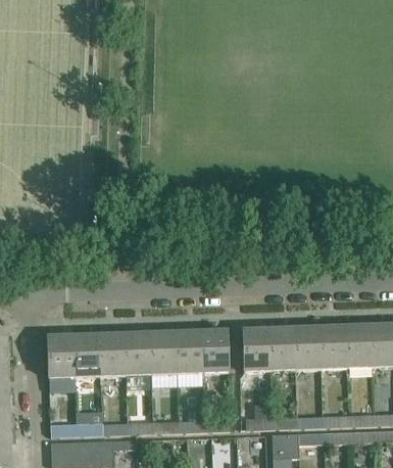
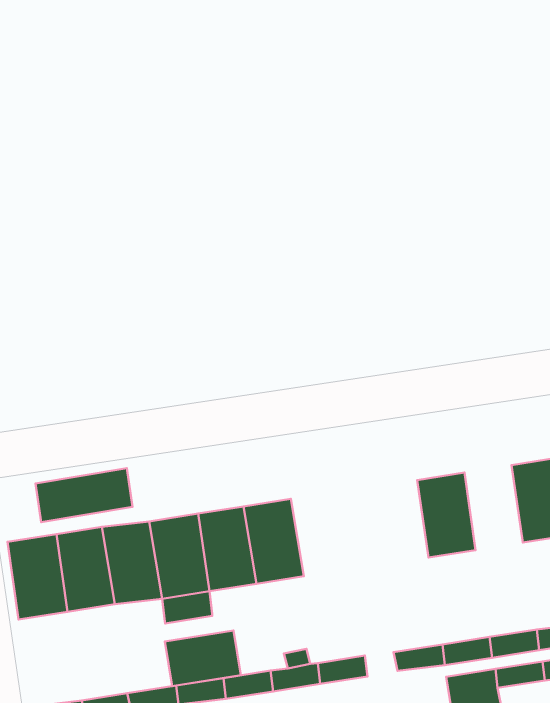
building: none -> [36,468,133,522]
building: [294,327,321,370] -> none
building: [242,329,269,372] -> none
building: [200,330,229,373] -> none
building: none -> [165,631,241,686]

